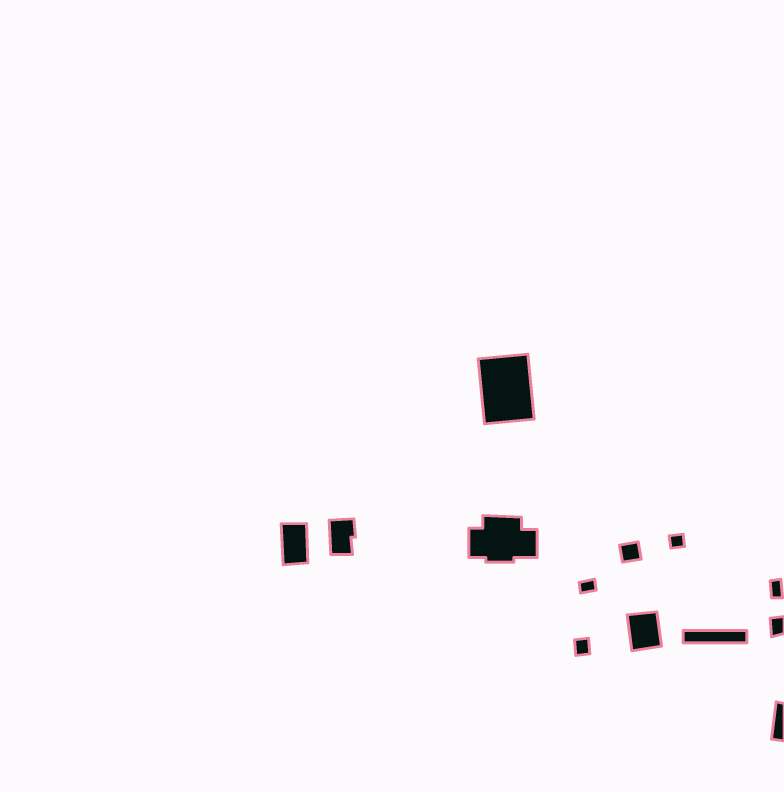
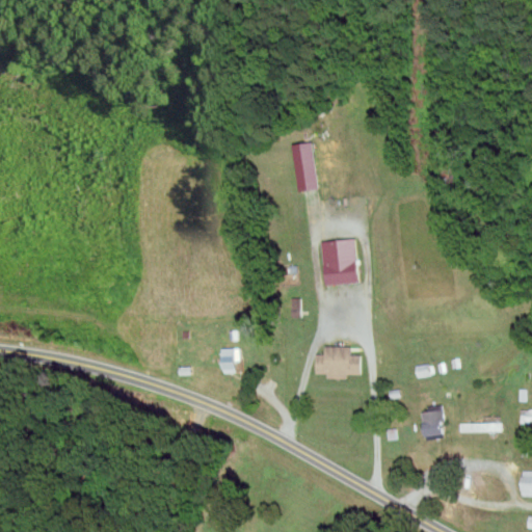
building: none -> [292,142,318,191]
building: [281,524,308,565] -> none

